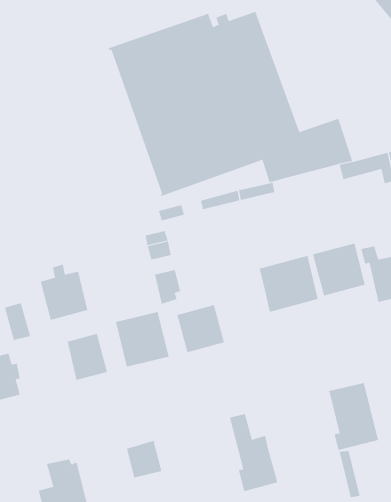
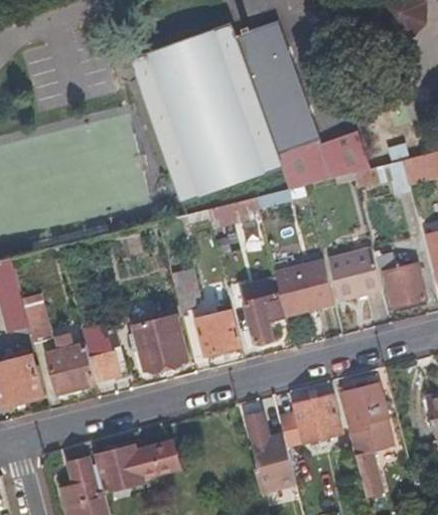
building: [40,264,88,321] -> [49,337,97,392]
building: none -> [246,293,286,343]
building: none -> [278,396,341,447]
building: none -> [97,447,153,493]

